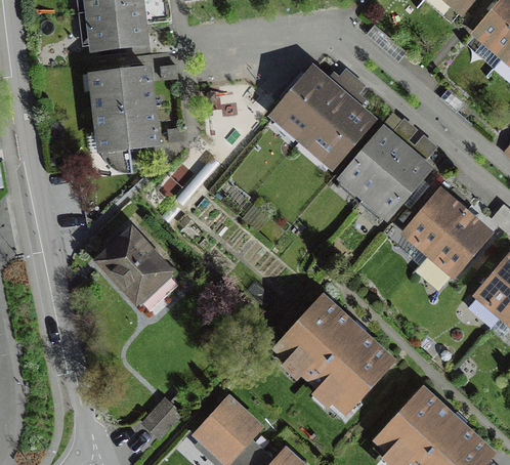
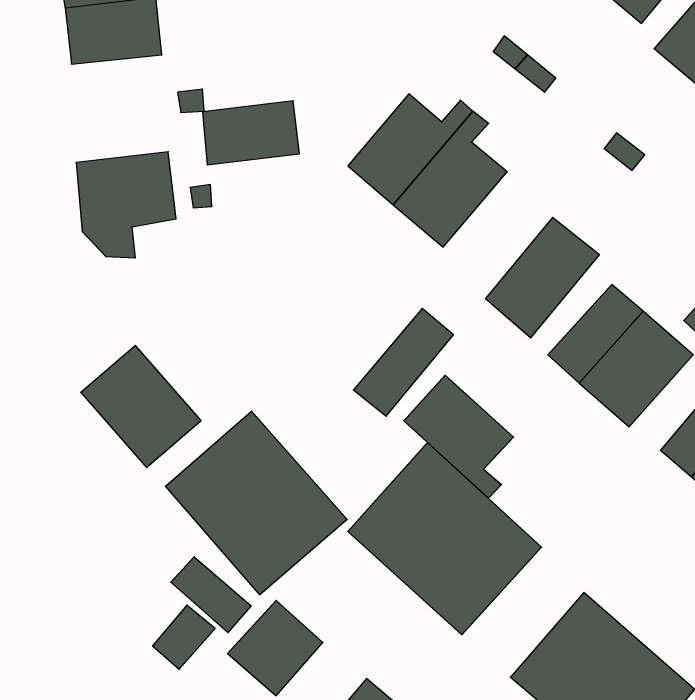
building: [88,67,152,109] -> [203,101,299,165]
building: [338,127,403,198] -> [353,308,453,416]
building: none -> [404,375,514,498]
building: none -> [166,411,347,595]
building: none -> [171,557,251,633]

